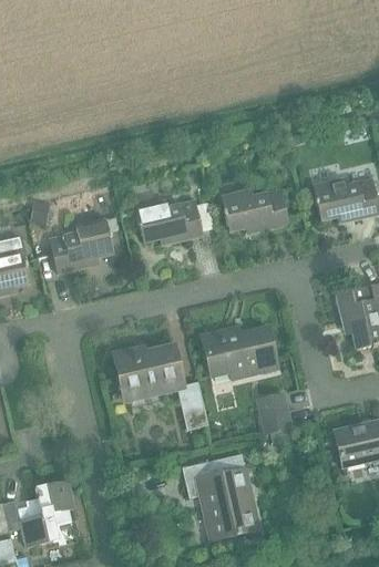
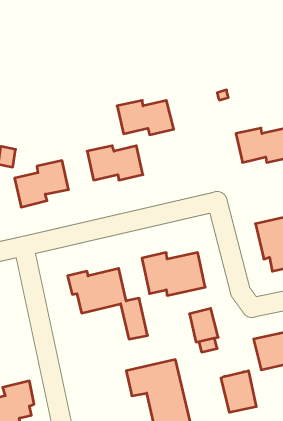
building: [222,190,289,231] -> [117,100,174,135]
building: none -> [221,371,256,412]

